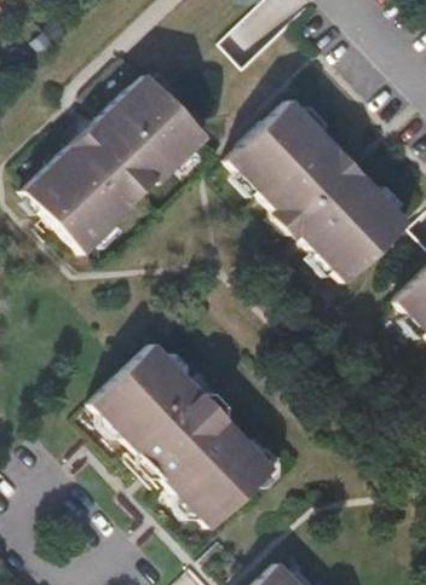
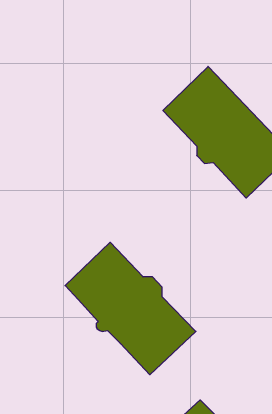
building: [23,73,207,253] -> none

